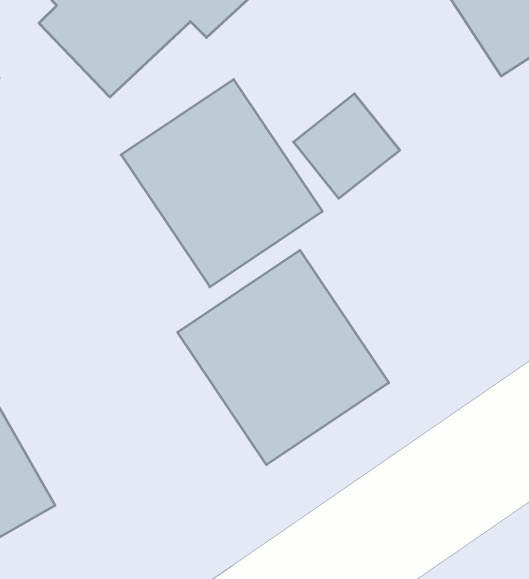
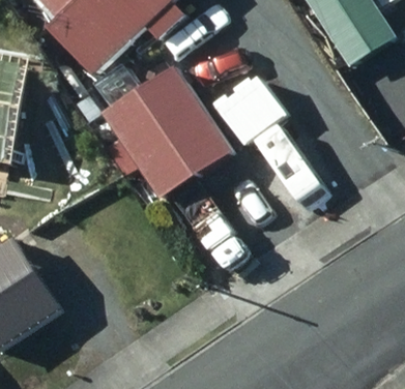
building: [178,250,389,465] -> none

